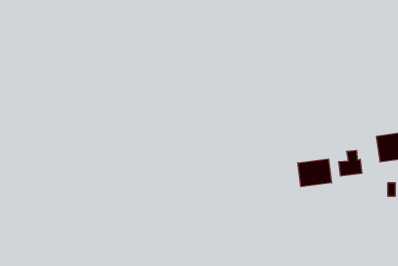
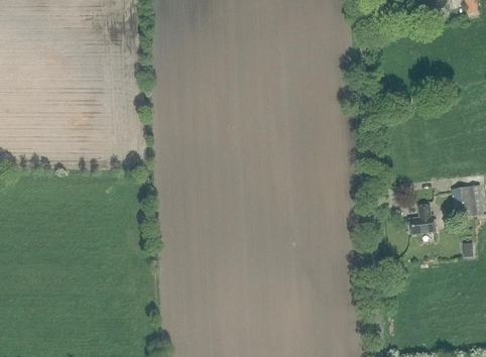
building: [298,159,332,187] -> none

